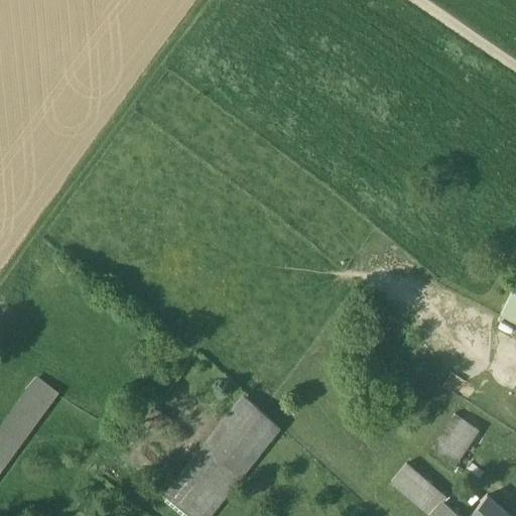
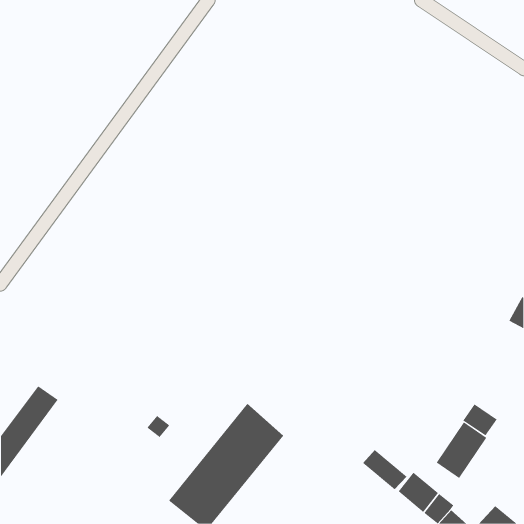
building: none -> [462,404,498,436]
building: none -> [362,449,407,490]

